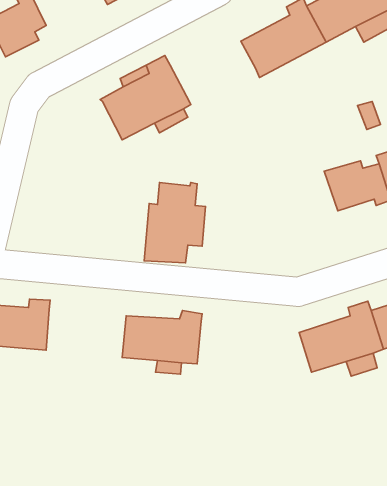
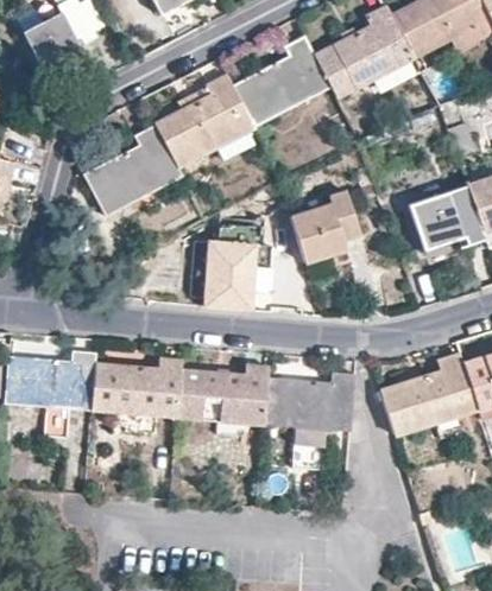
building: none -> [233,34,330,126]
building: none -> [84,125,182,215]
building: none -> [291,192,358,262]
building: none -> [92,356,184,417]
building: none -> [264,371,354,468]

